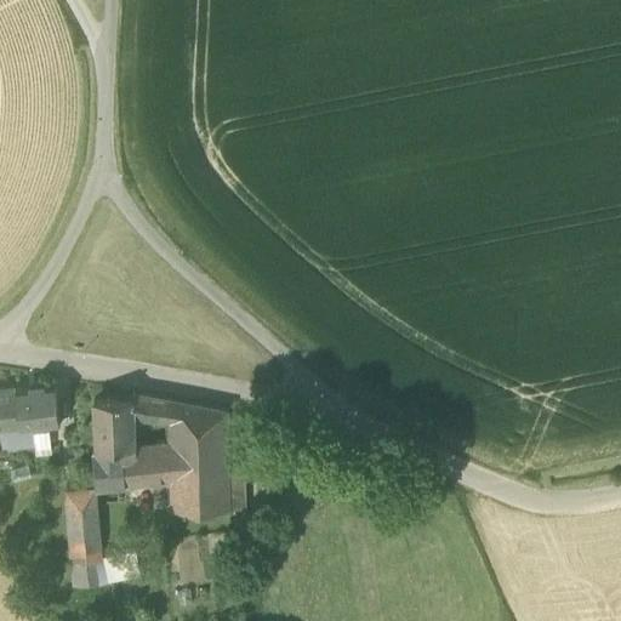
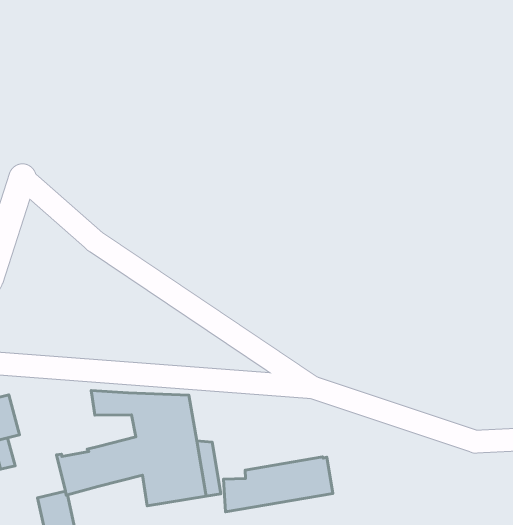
building: [92,401,133,455] -> none
building: none -> [223,457,333,512]

